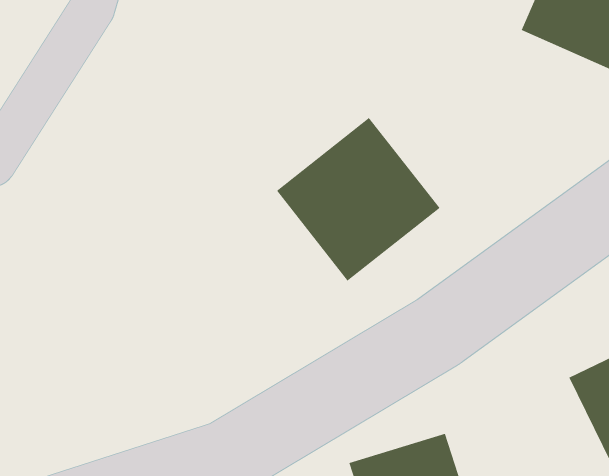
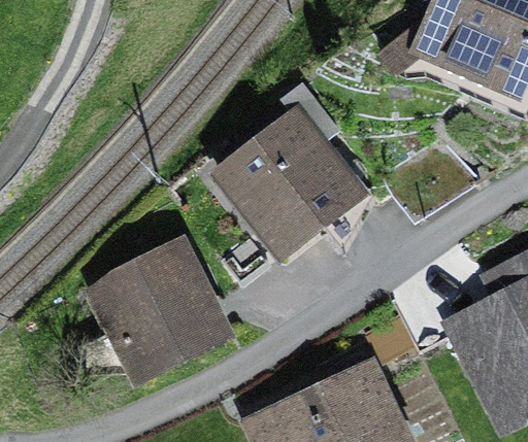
building: none -> [103,257,219,373]

